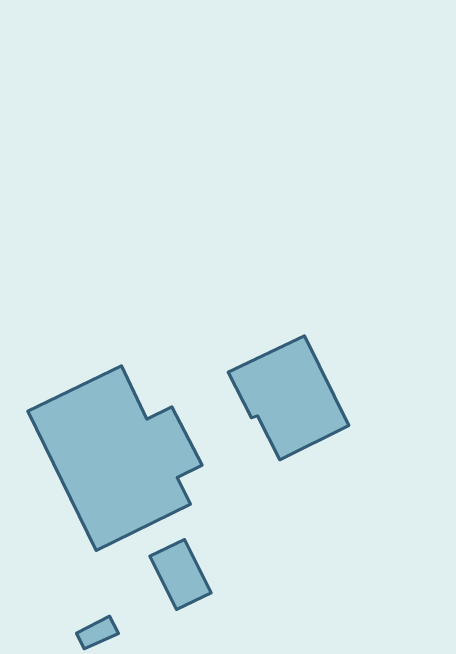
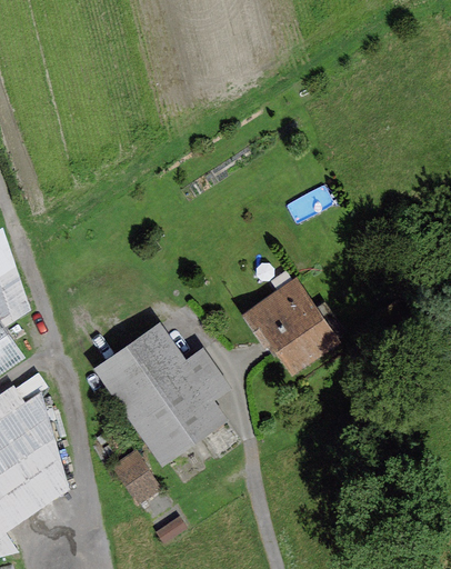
building: [150,540,211,609] -> [109,448,160,502]

